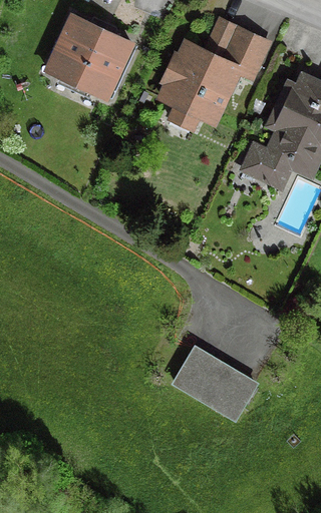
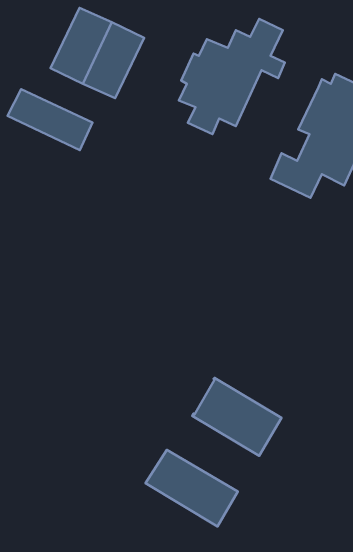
building: none -> [8,89,92,150]
building: none -> [146,450,238,526]

